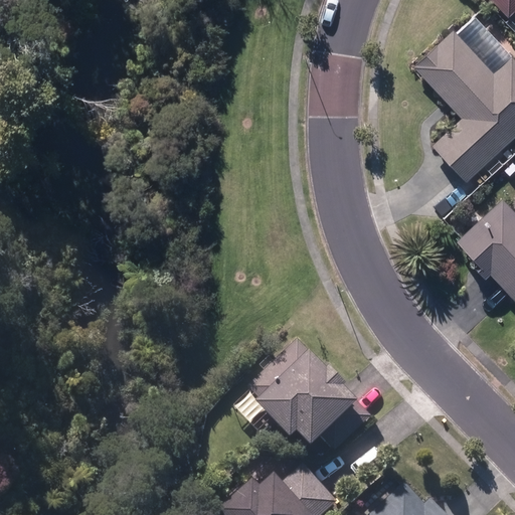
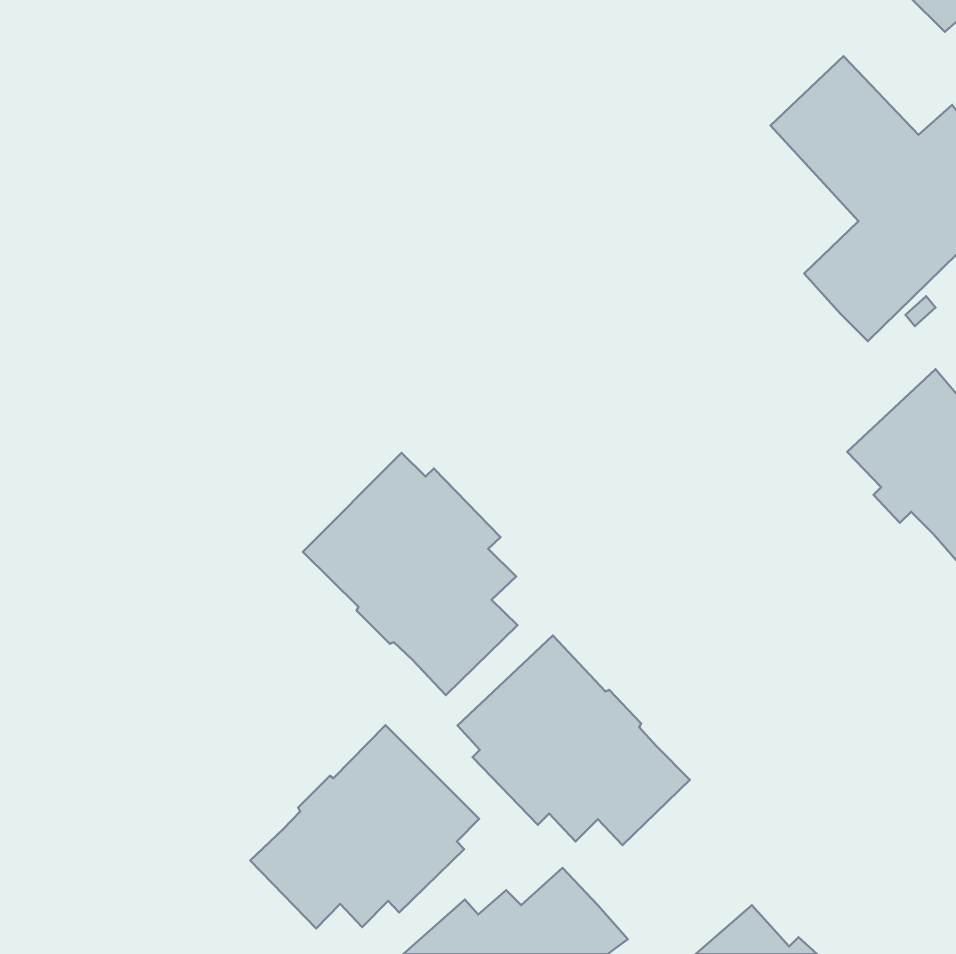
building: none -> [303,453,518,695]
building: none -> [250,725,479,928]

